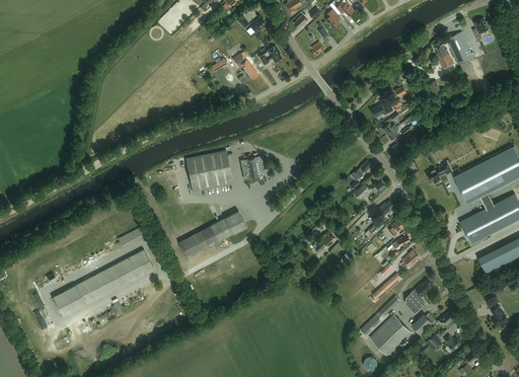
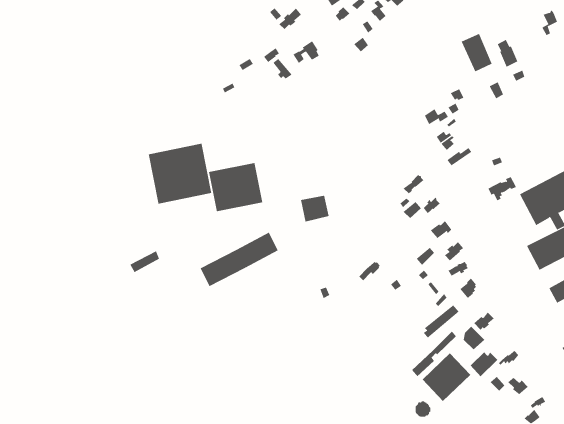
building: [446,31,473,65] -> [461,33,492,72]
building: none -> [148,143,212,204]
building: [240,156,266,179] -> [300,195,330,222]
building: [53,249,154,316] -> none

